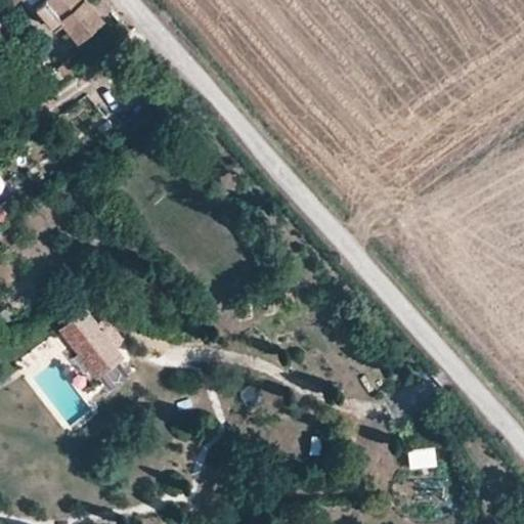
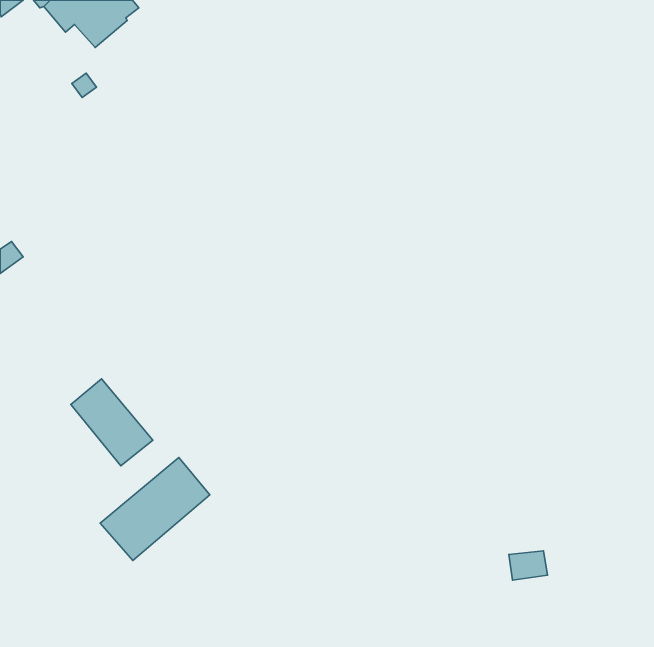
building: none -> [100,458,210,561]

